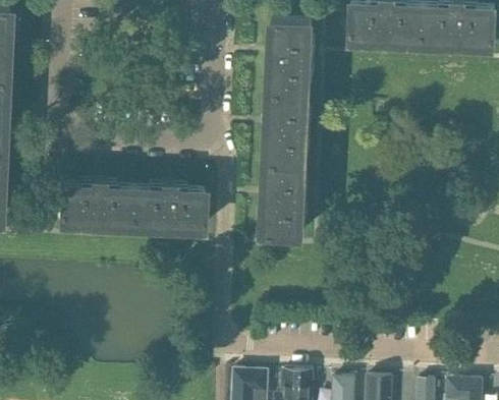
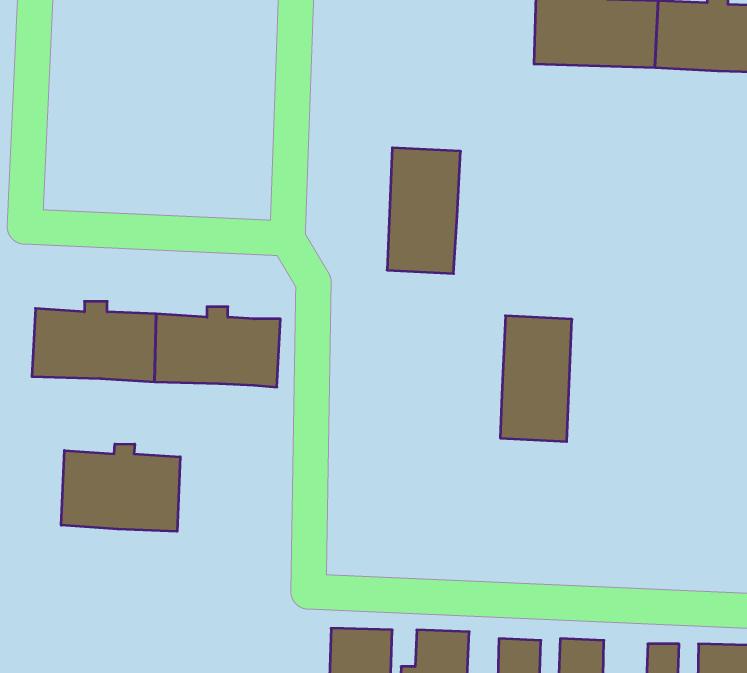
building: [269,19,312,92] -> none
building: [263,161,304,234] -> [500,316,572,442]
building: none -> [61,444,180,531]

